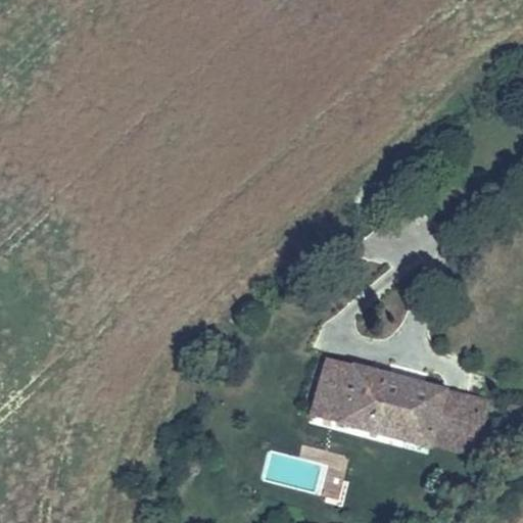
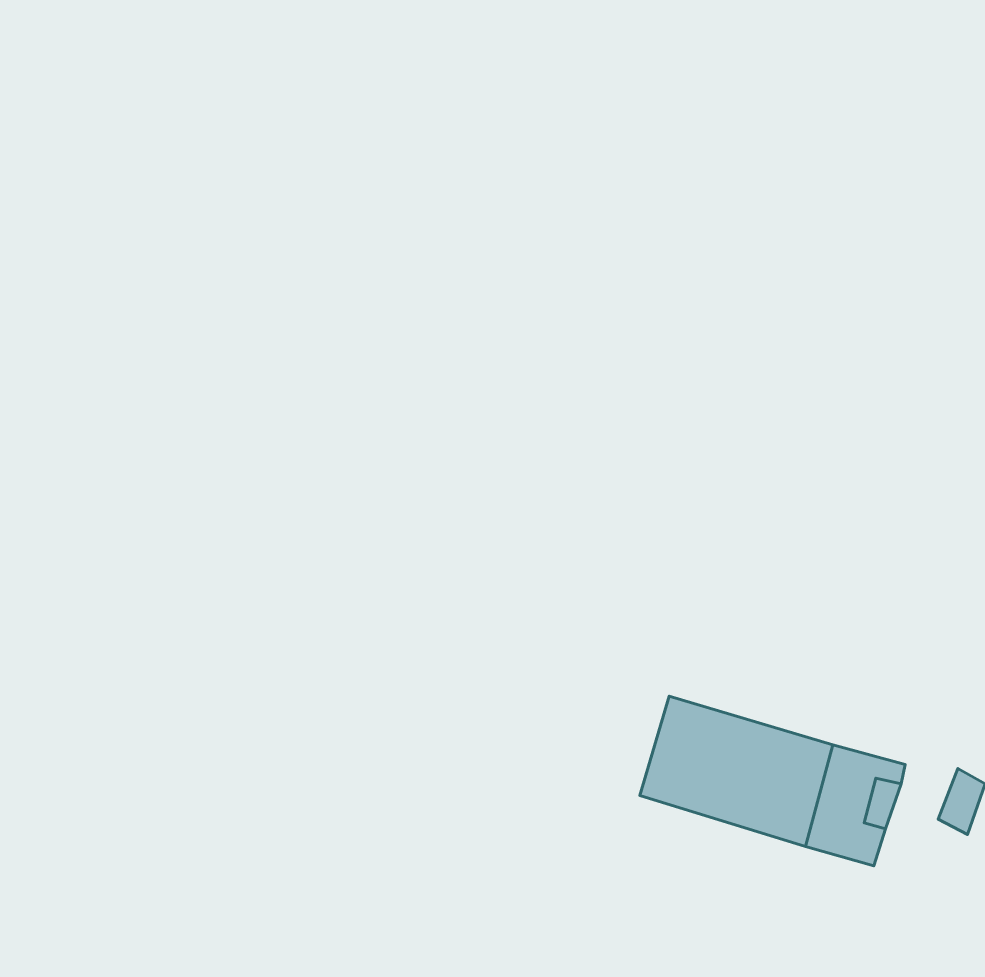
building: [314,355,356,417] -> none

